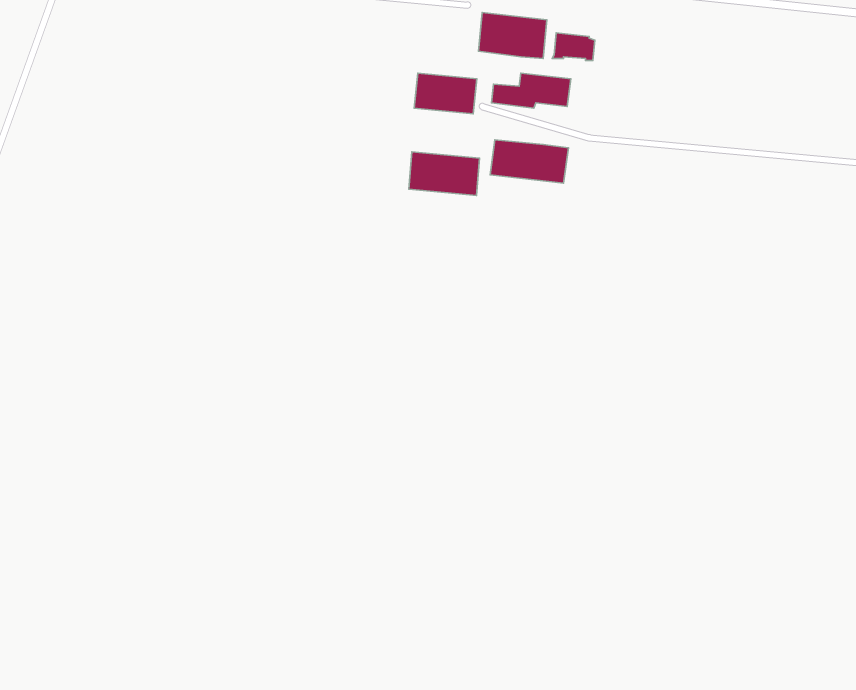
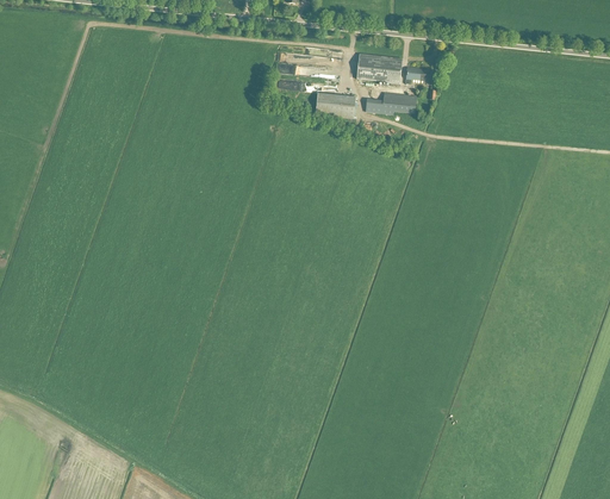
building: [490,140,568,183] -> none
building: [409,152,479,196] -> none

